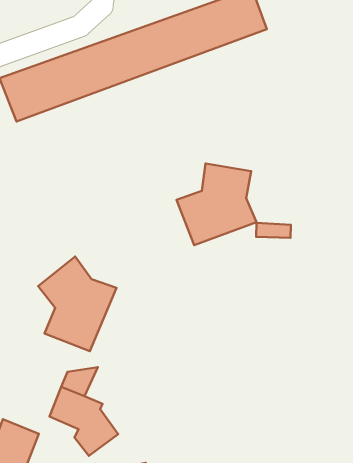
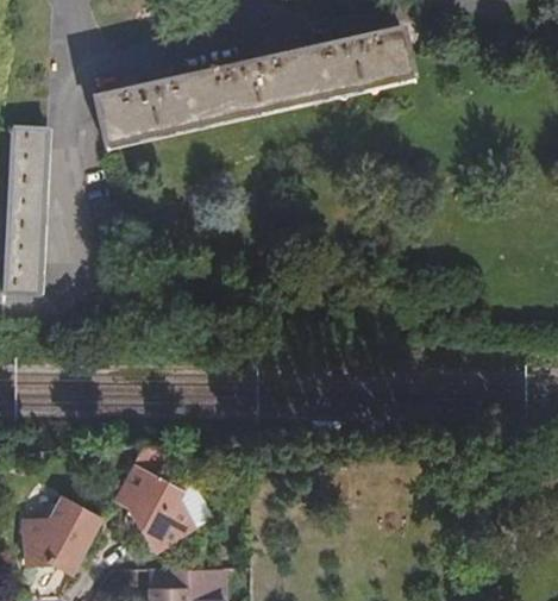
building: [176,163,257,245] -> none
building: [38,257,116,351] -> none

